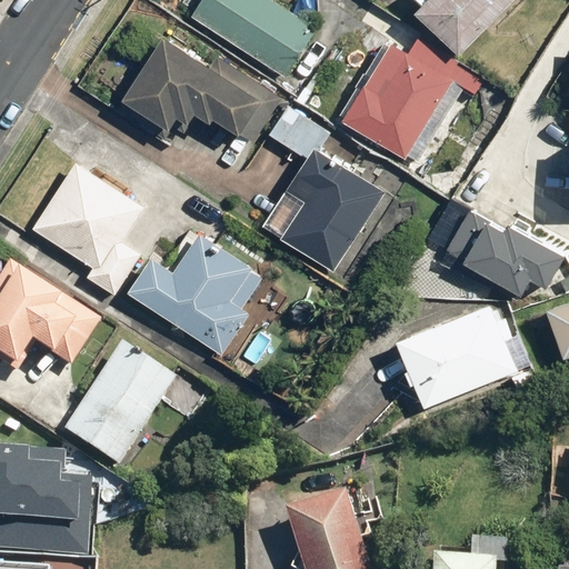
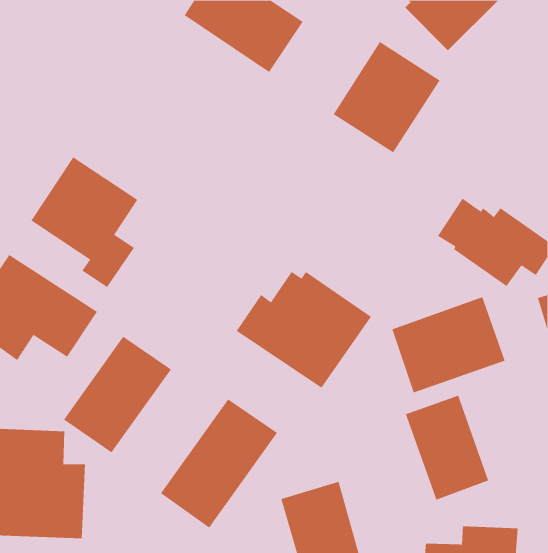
building: [121,33,277,142] -> none
building: [264,107,385,272] -> none
building: [127,232,266,352] -> [236,271,372,389]
building: none -> [405,395,489,501]
building: none -> [160,398,278,529]

